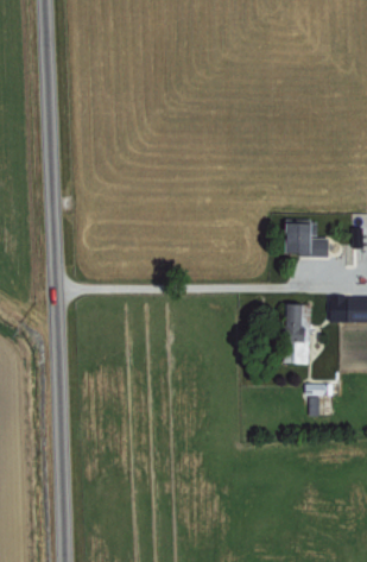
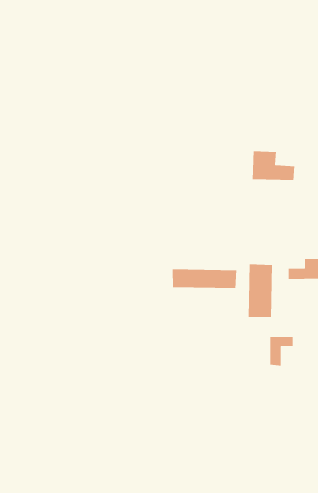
building: [283,222,330,255] -> [252,151,295,181]
building: none -> [172,268,237,289]

